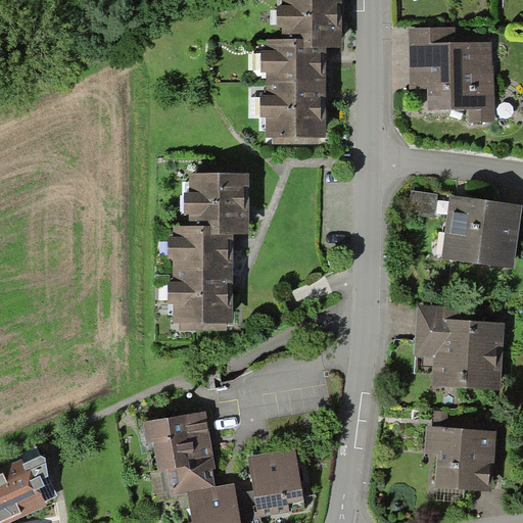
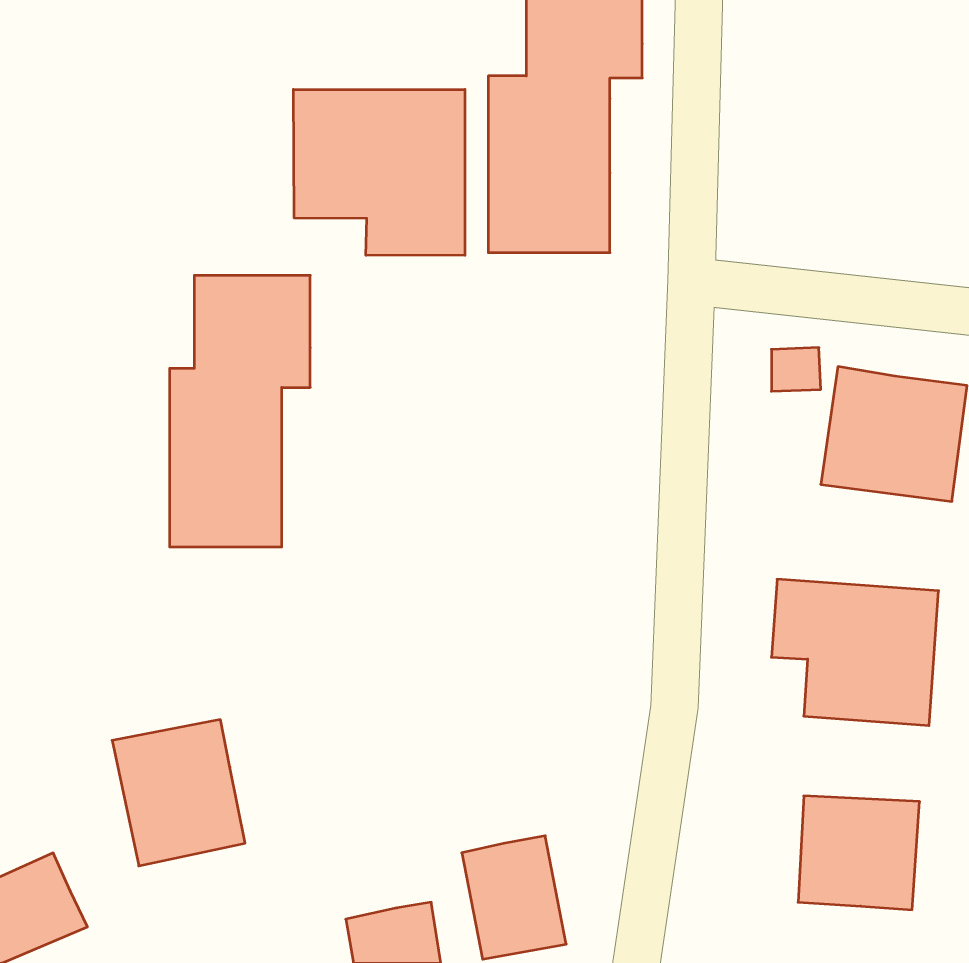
building: [410,29,494,114] -> none
building: none -> [293,89,465,255]
building: [170,171,245,317] -> [170,275,310,547]
building: [144,414,216,492] -> [112,720,245,866]

